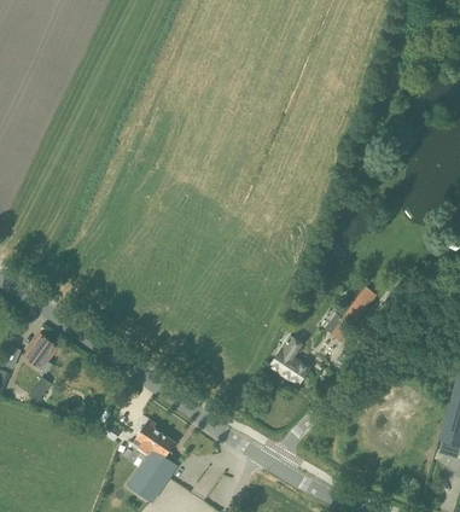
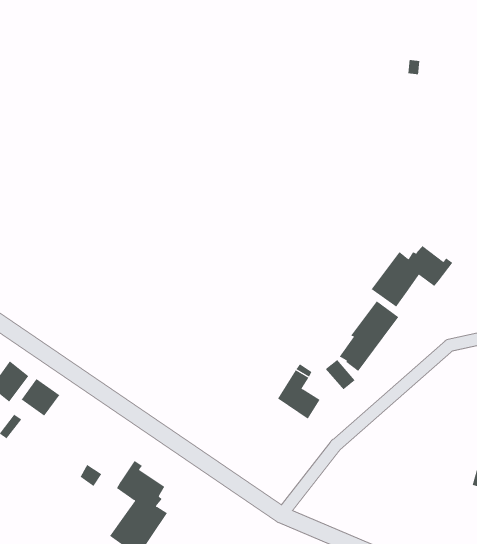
building: none -> [371,245,453,308]
building: none -> [21,378,60,416]

